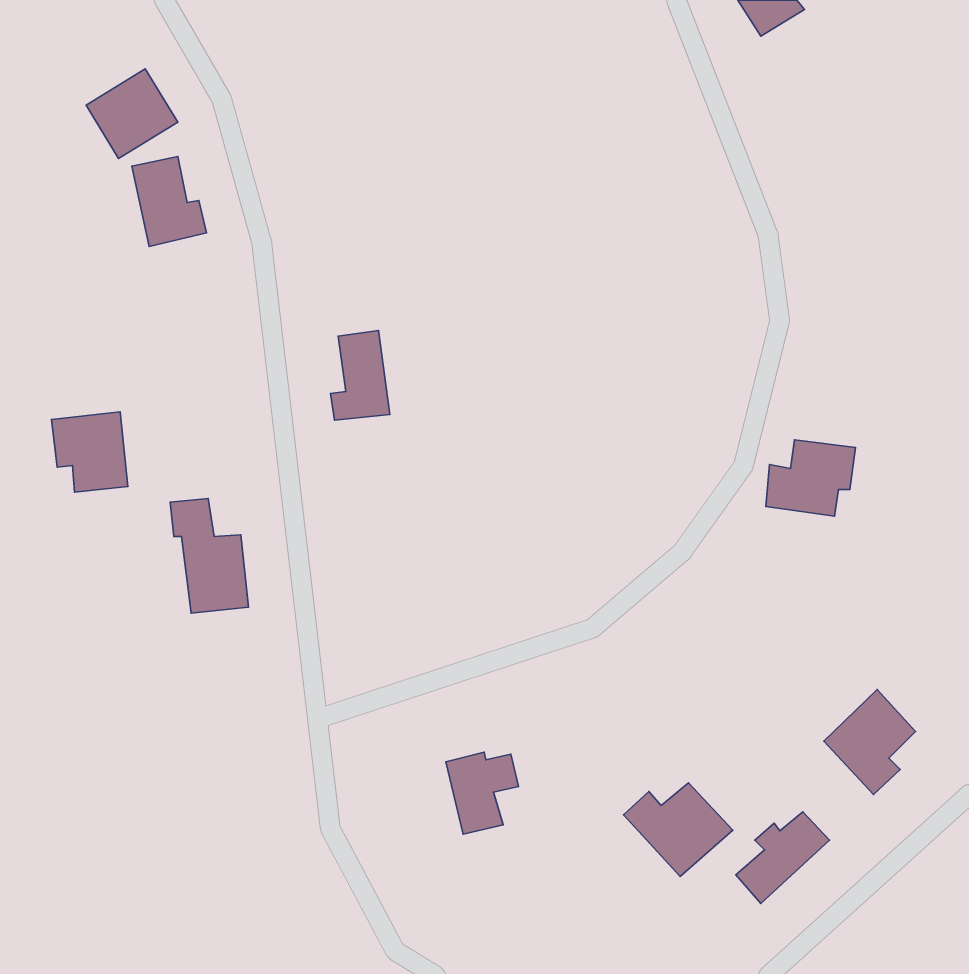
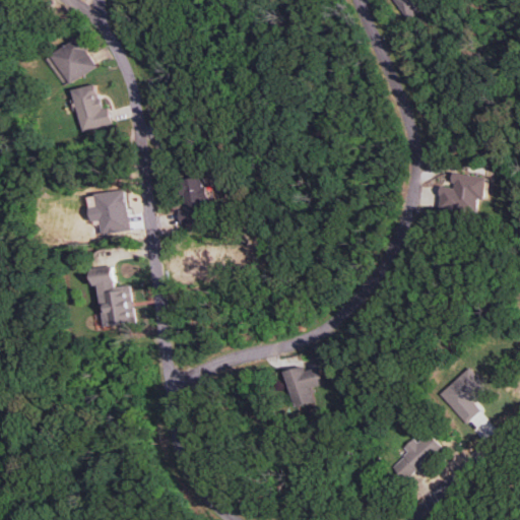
building: [51,412,128,492] -> [86,191,127,234]
building: [766,440,856,516] -> [437,173,484,213]
building: [446,752,518,834] -> [282,367,321,410]
building: [624,783,733,876] -> none

